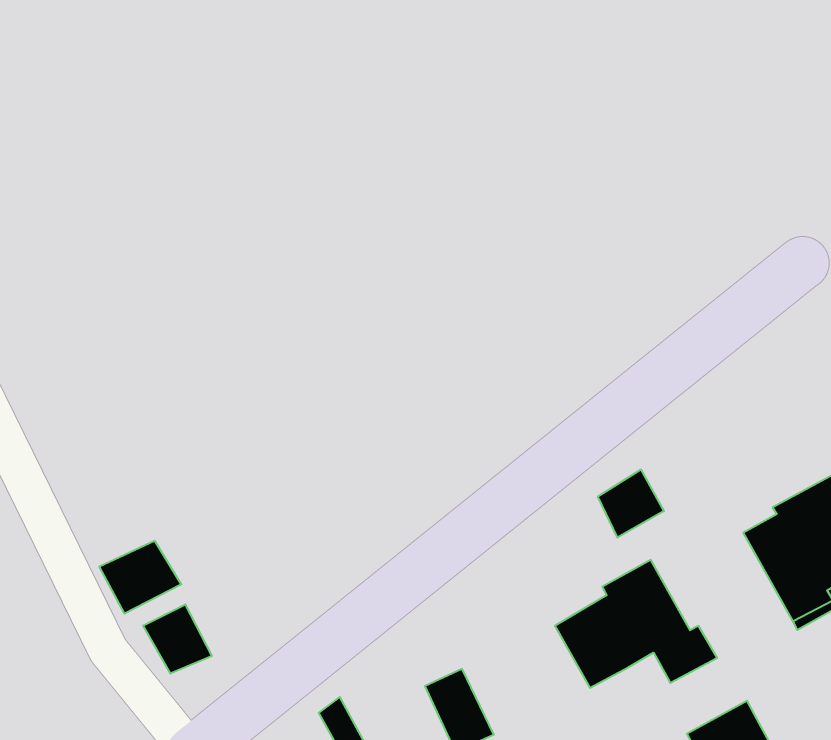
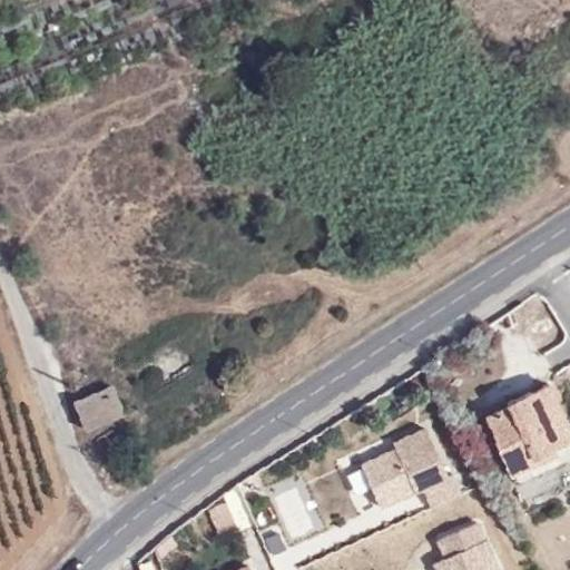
building: [598,470,664,538] -> none
building: [143,604,212,674] -> none

